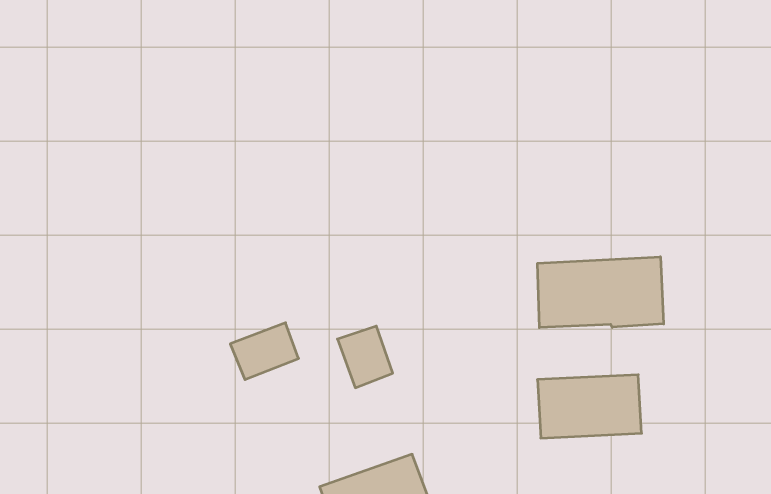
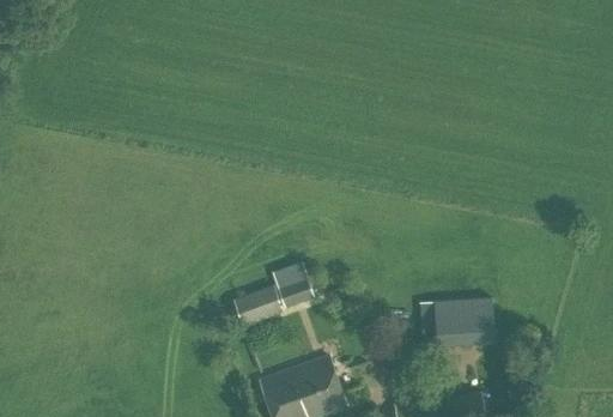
building: [538,257,664,328] -> none
building: [230,323,299,380] -> [231,285,281,327]

